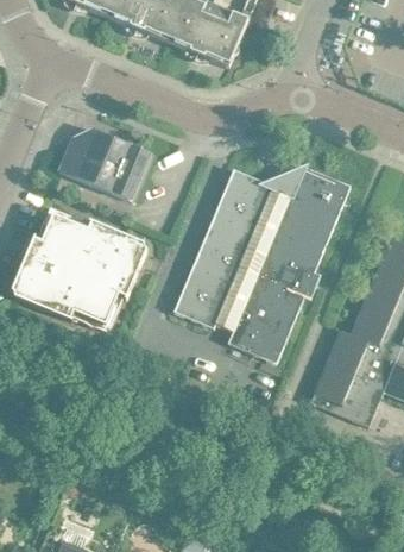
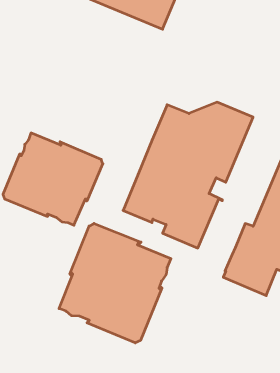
building: [58,128,154,202] -> none
building: none -> [59,223,171,343]

